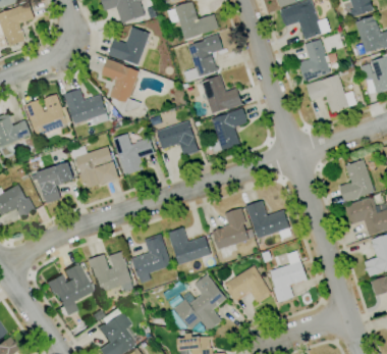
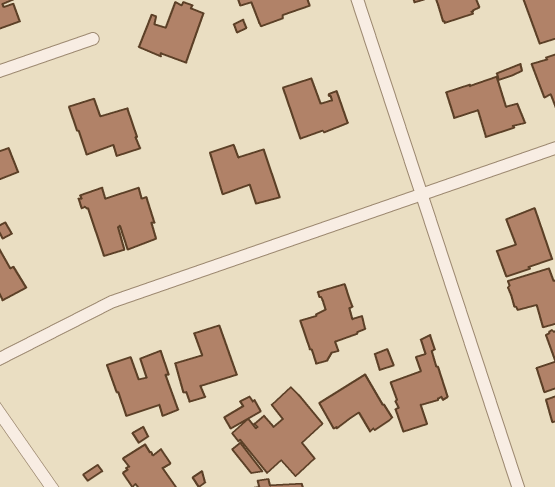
building: [183,34,223,82] -> none
building: [298,40,330,82] -> none
building: [101,59,144,121] -> none
building: [24,100,71,137] -> none
building: [211,107,247,153] -> none
building: [116,138,155,175] -> none
building: [31,162,78,204] -> none
building: [245,201,291,239] -> none
building: [167,227,215,269] -> none
building: [46,263,94,314] -> none

